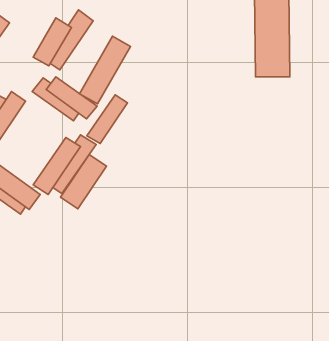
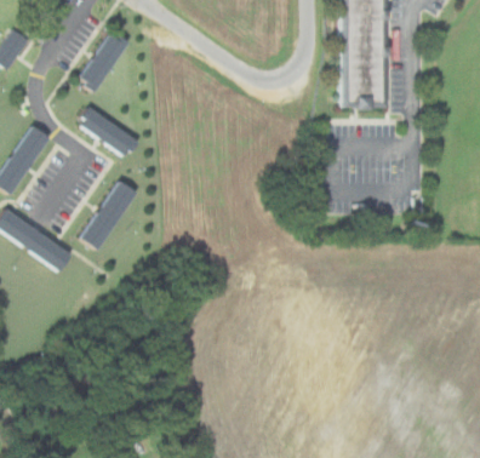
building: [80,36,131,104] -> none
building: [87,95,128,143] -> none
building: [60,155,107,209] -> none

